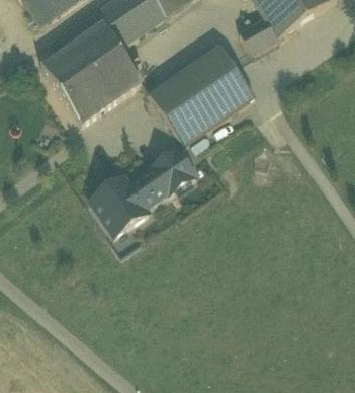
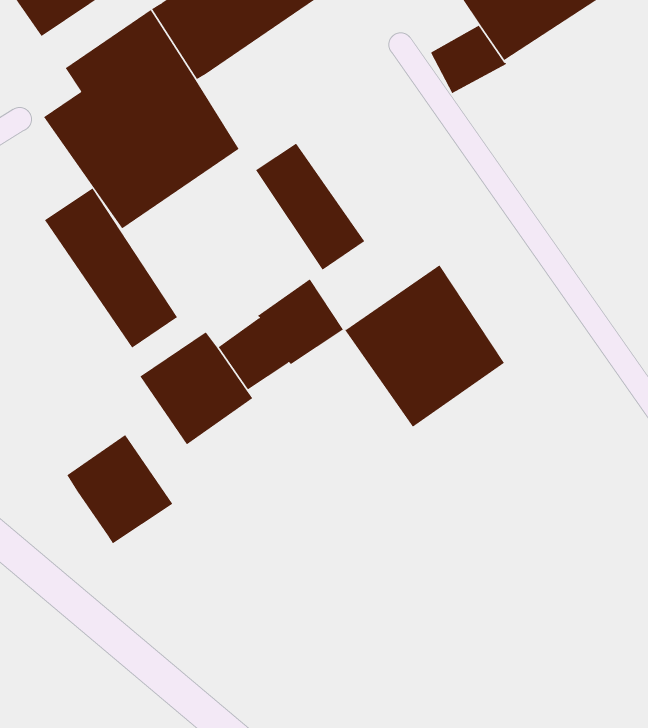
building: [172,44,255,128] -> [344,265,505,428]
building: none -> [44,188,178,349]
building: none -> [66,434,173,544]

